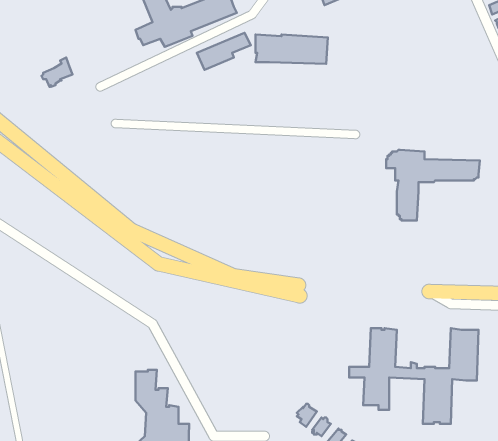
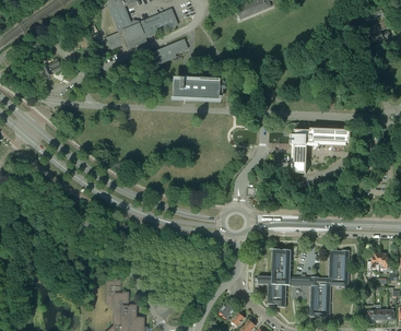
building: [255,34,328,64] -> [170,78,222,98]

